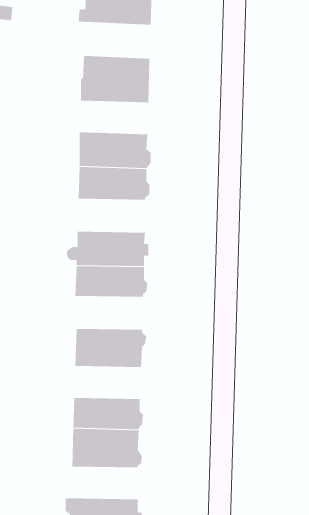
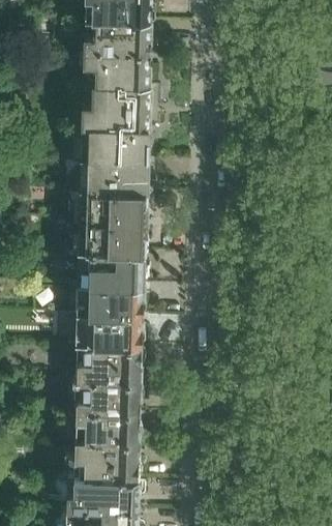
building: none -> [78,48,149,83]
building: none -> [80,123,150,155]
building: none -> [78,217,148,250]
building: none -> [74,311,145,343]
building: none -> [74,378,143,409]
building: none -> [66,474,141,505]

